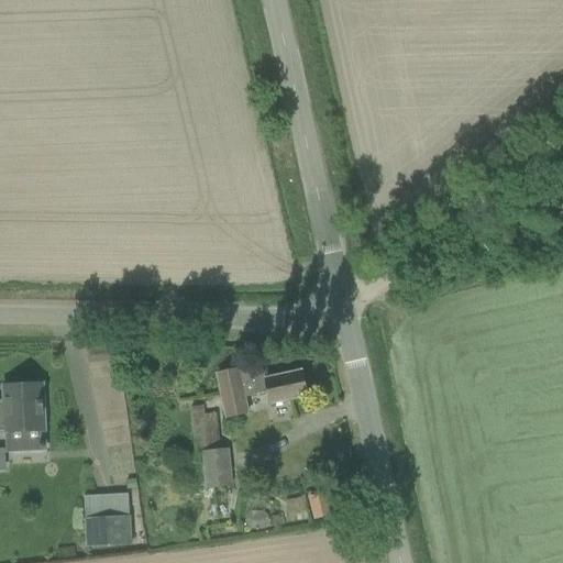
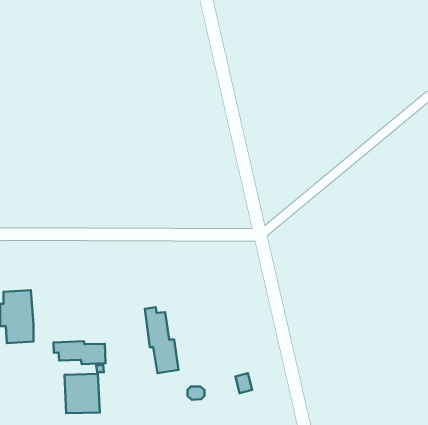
building: [217,366,307,415] -> none
building: none -> [54,341,105,364]

